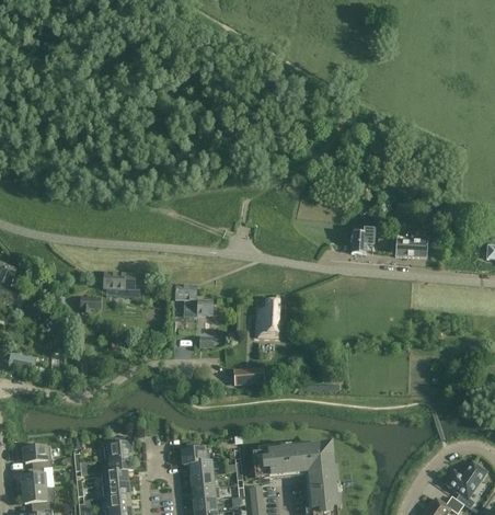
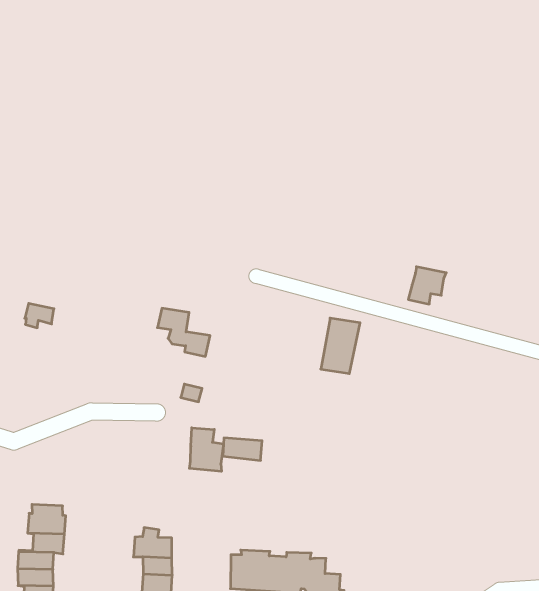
building: [395,233,427,258] -> none
building: [104,272,140,297] -> none
building: [256,299,279,336] -> [321,318,360,374]
building: none -> [189,428,224,471]

